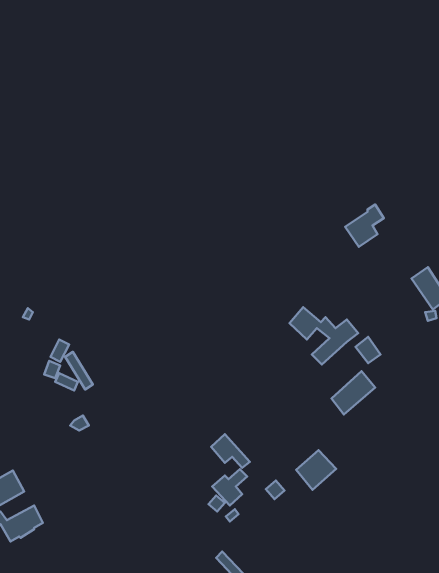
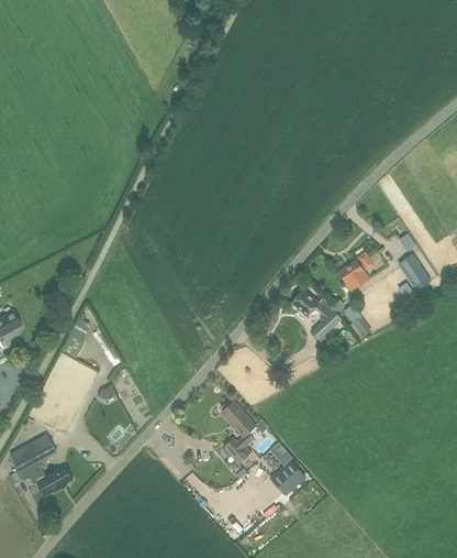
building: [345,204,384,247] -> [339,252,374,289]
building: [331,371,375,415] -> none
building: [296,450,336,490] -> [270,459,305,494]

